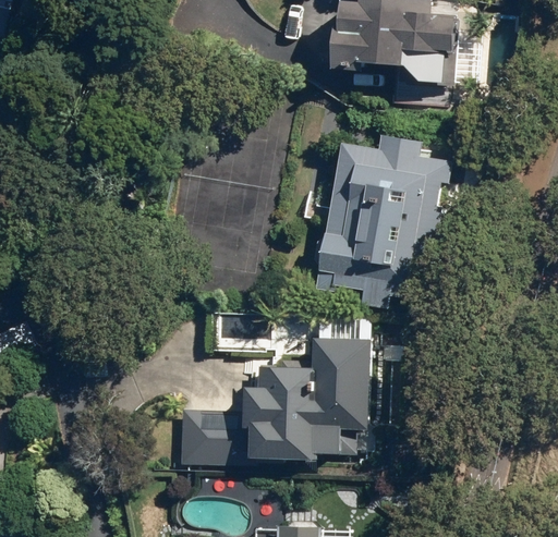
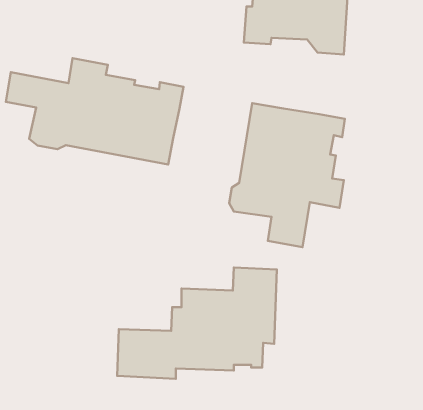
building: none -> [6,58,183,165]

